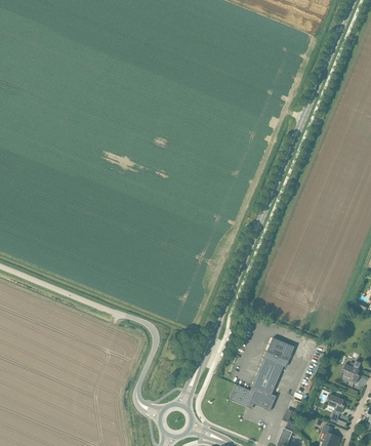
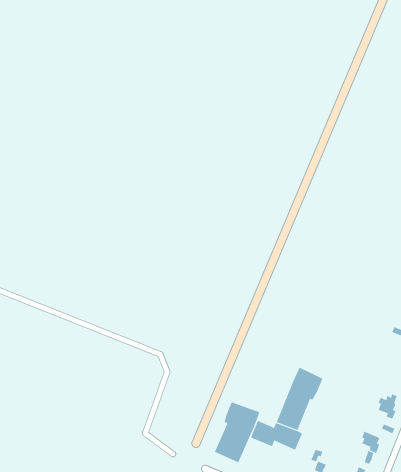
building: none -> [214,401,260,463]

